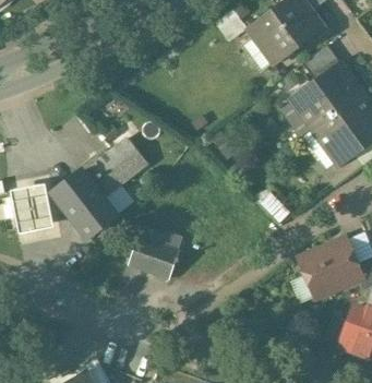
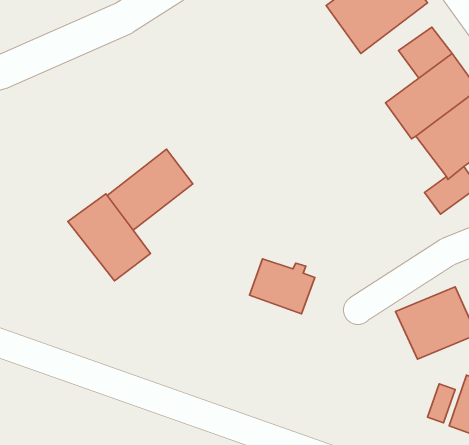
building: [9,185,52,236] -> none
building: [129,238,178,279] -> [249,259,315,314]

